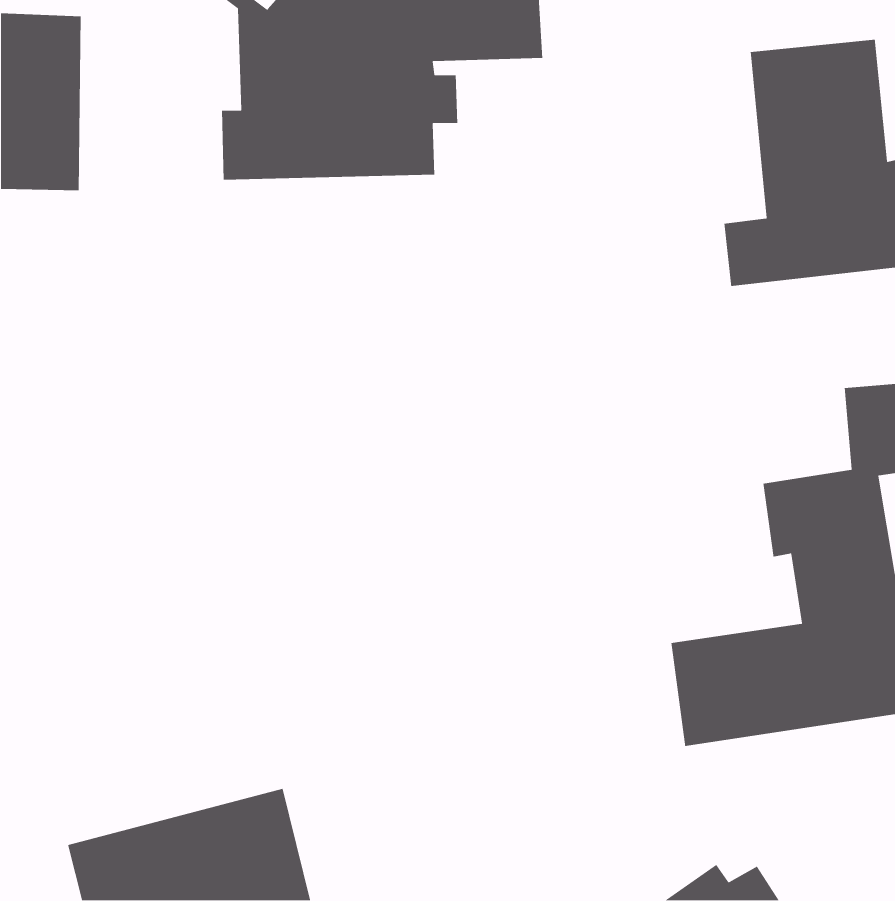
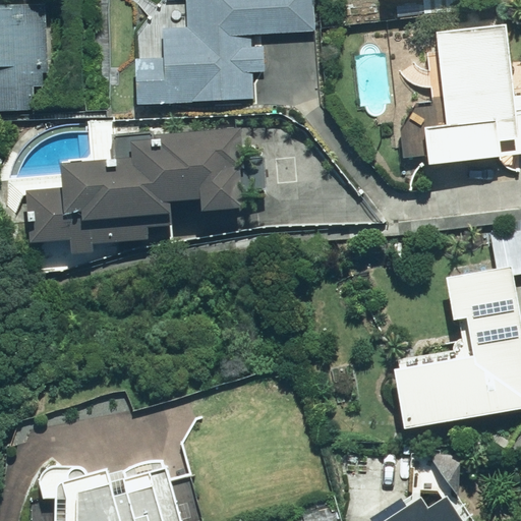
building: none -> [20,130,242,242]

